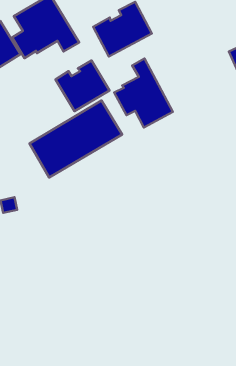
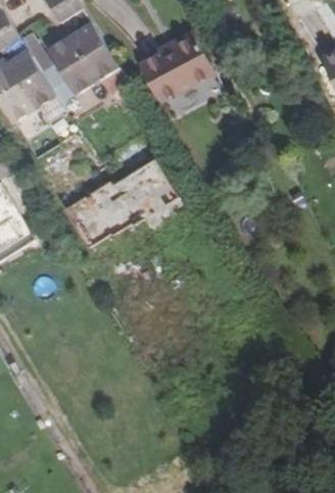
building: [114,59,173,128] -> none
building: [56,61,109,111] -> none

